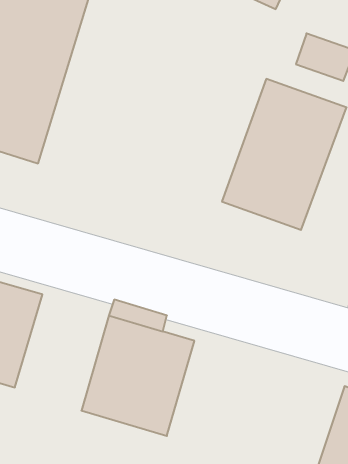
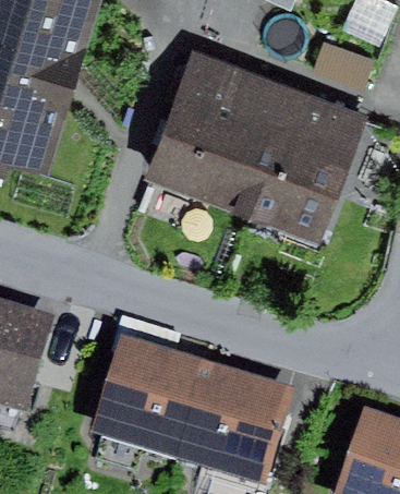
building: none -> [149,58,282,216]
building: none -> [180,360,290,481]

